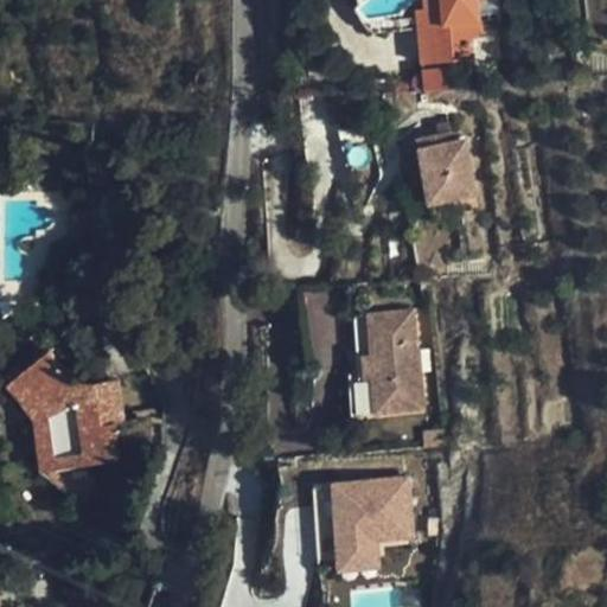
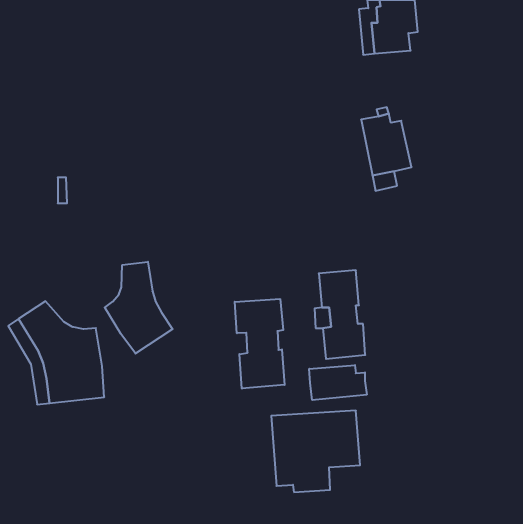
building: none -> [105,262,173,354]
building: none -> [235,299,285,389]
building: none -> [309,365,367,400]

